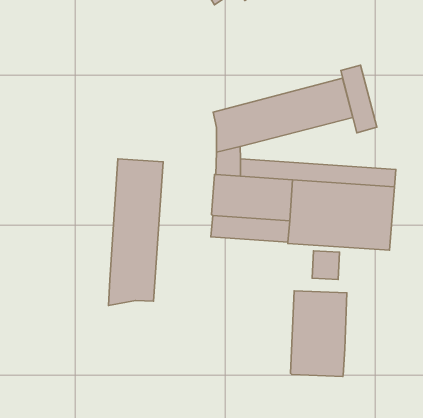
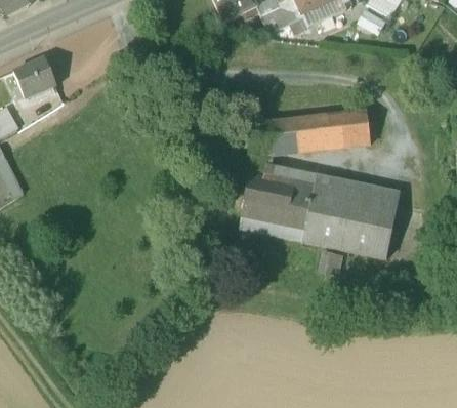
building: [341,65,377,133] -> none
building: [108,159,163,305] -> none
building: [291,291,347,376] -> none

